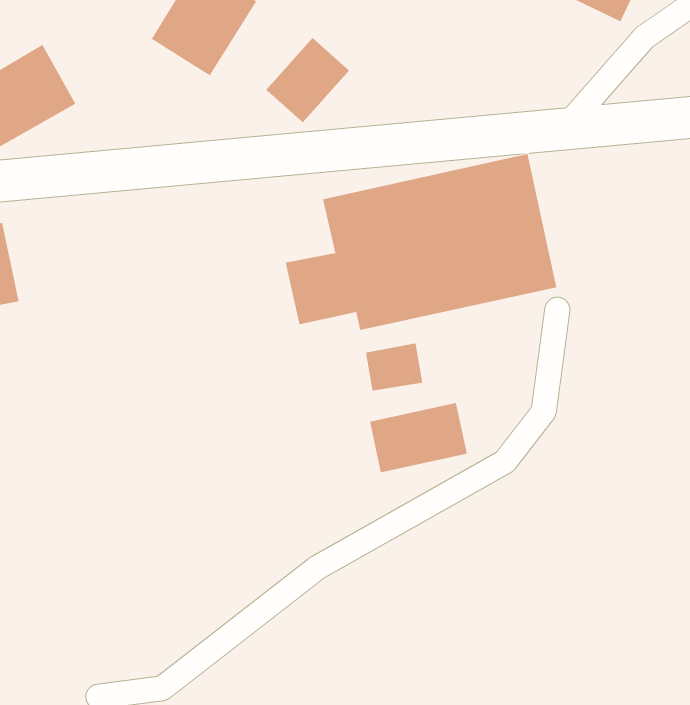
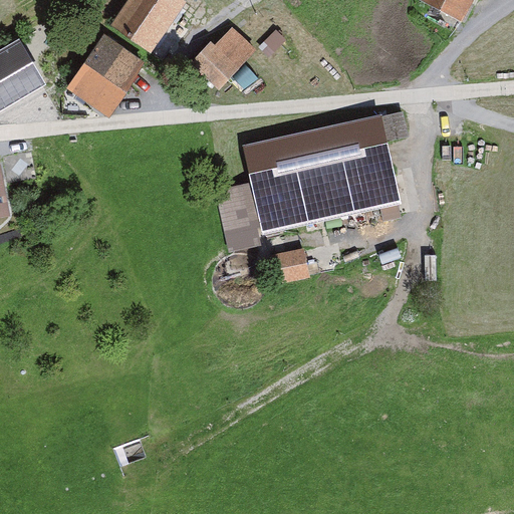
building: none -> [66,38,145,117]
building: [369,402,467,473] -> none

